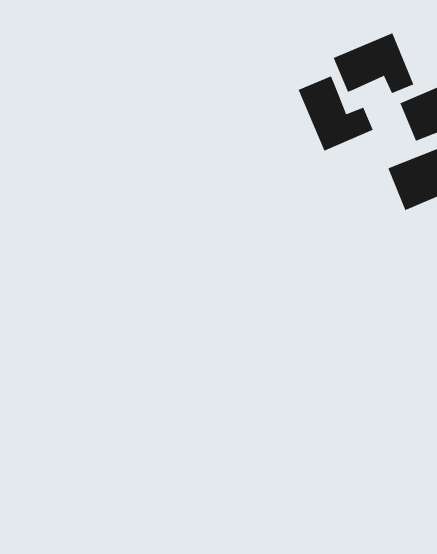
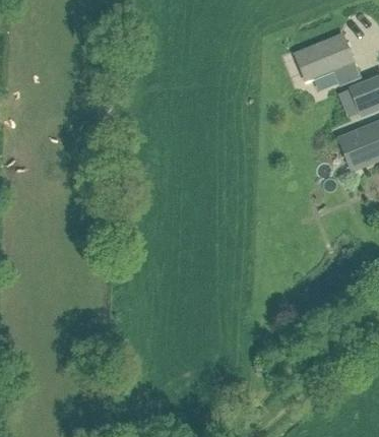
building: [298,76,374,152] -> none

